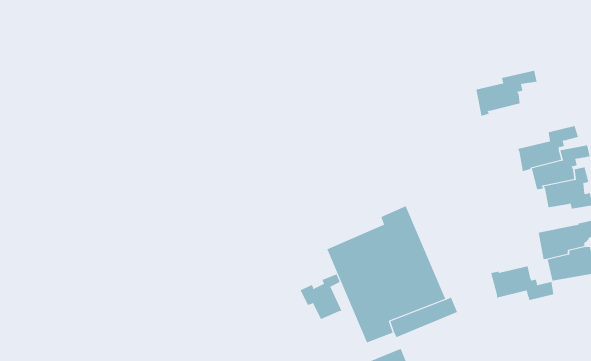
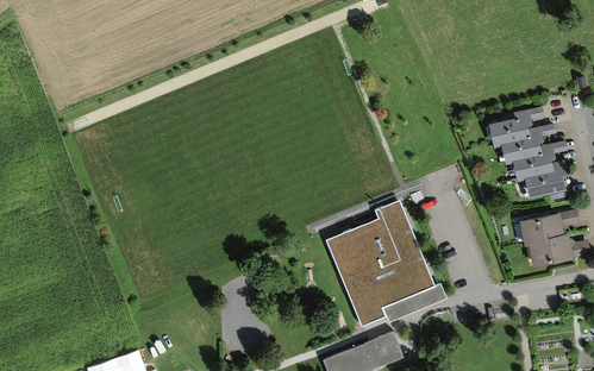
building: [476,70,537,117] -> [488,107,545,150]
building: [490,266,554,301] -> none
building: [300,273,342,320] -> none

